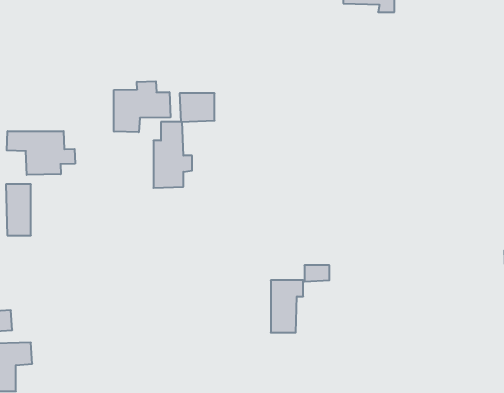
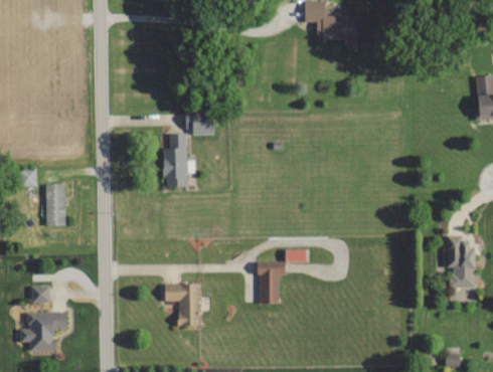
building: [114,81,170,132] -> none
building: [7,131,75,175] -> none
building: none -> [165,284,201,328]

